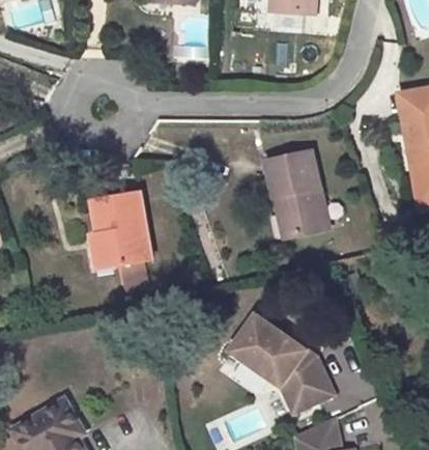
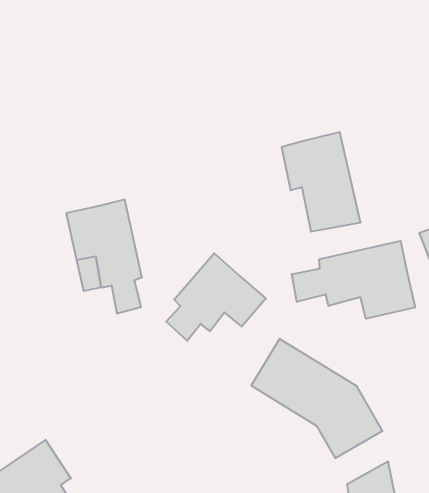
building: none -> [292,241,415,319]
building: none -> [166,253,266,341]

